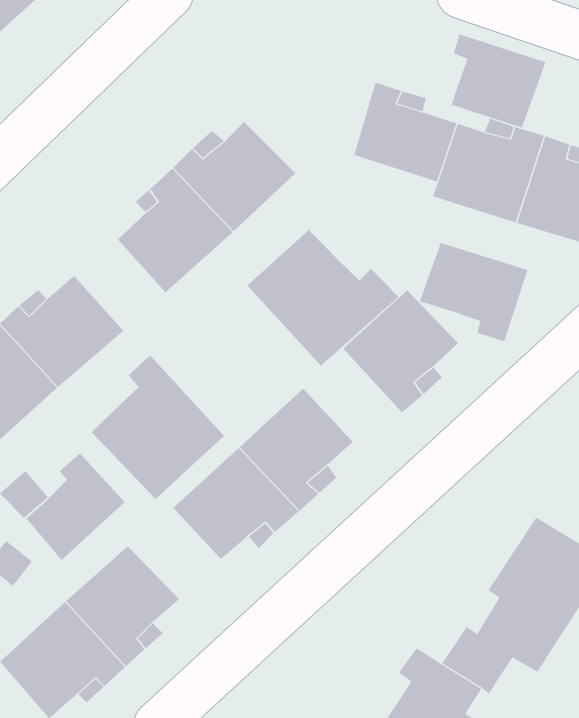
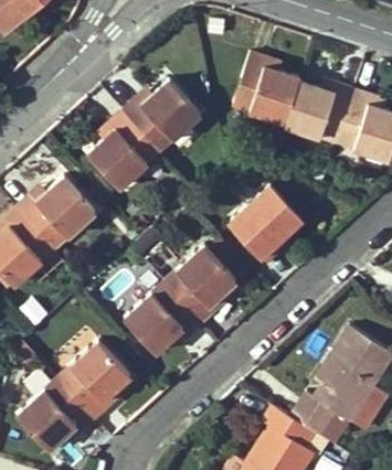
building: [451,33,546,128] -> none
building: [247,229,399,366] -> none
building: [419,242,528,342] -> none
building: [91,355,225,500] -> none
building: [25,452,125,561] -> none

